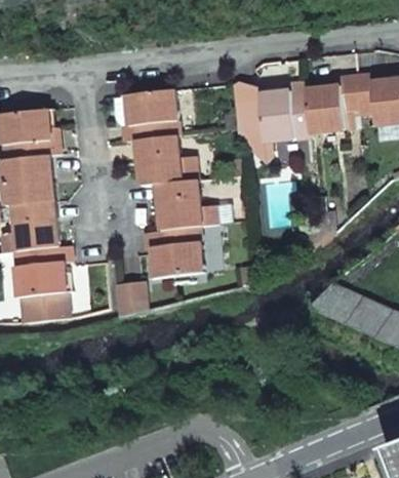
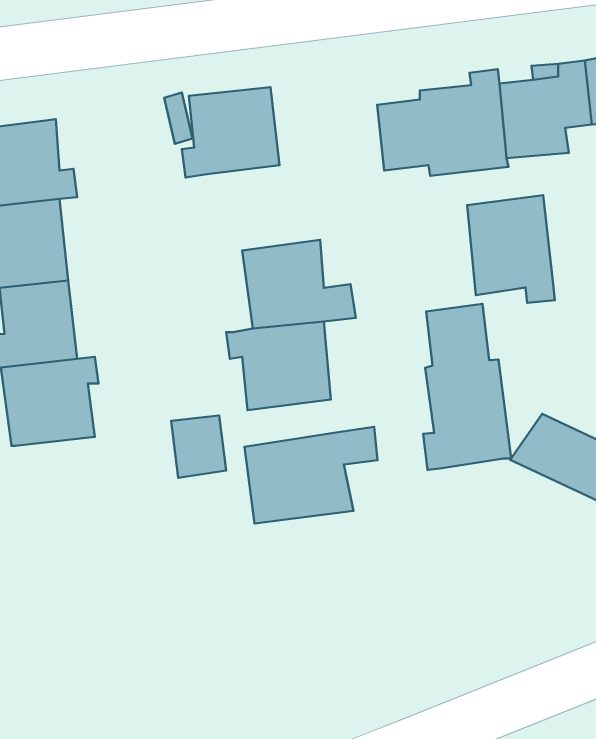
building: [133,135,199,186] -> none
building: none -> [467,195,555,303]
building: none -> [423,304,511,470]
building: none -> [245,427,378,523]
building: [23,292,71,322] -> none

